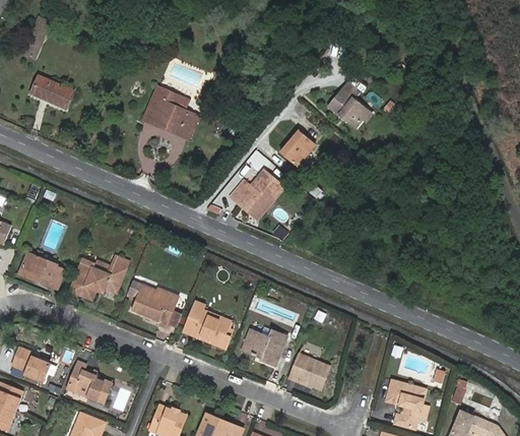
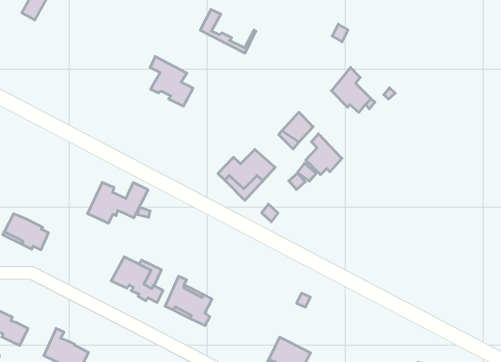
building: [31,77,73,111] -> none
building: [143,98,198,138] -> [200,9,256,53]
building: none -> [306,134,342,175]
building: [70,257,128,299] -> [87,182,148,223]
building: [242,329,286,365] -> none

